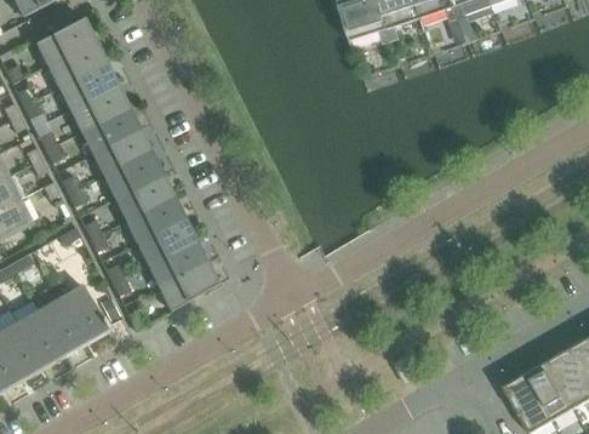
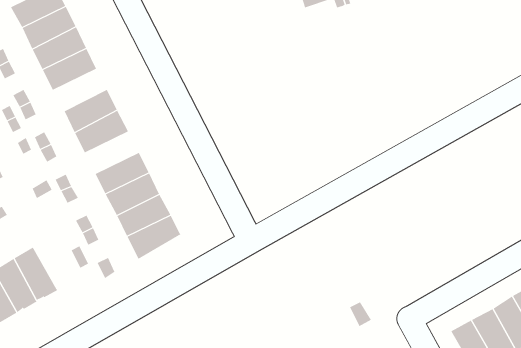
building: [80,108,138,153] -> none
building: [114,175,172,219] -> none
building: [59,285,108,342] -> none

